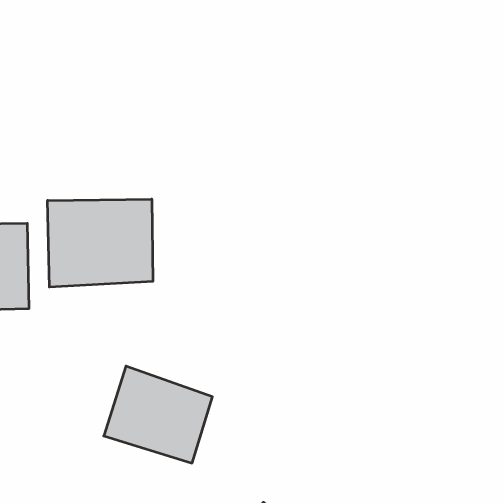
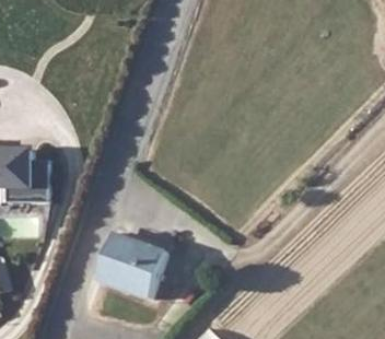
building: [48,199,153,287] -> none

